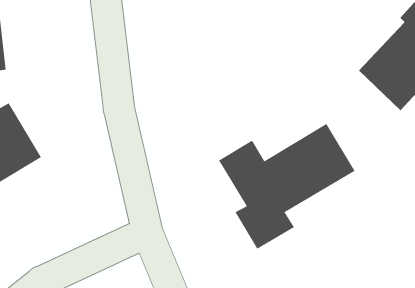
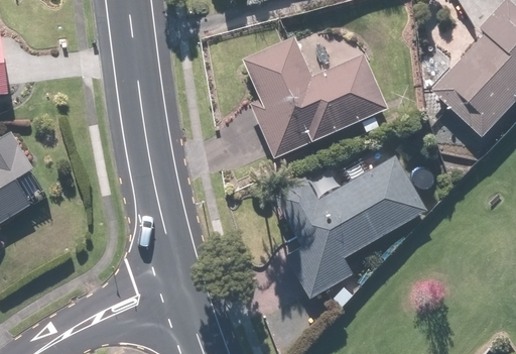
building: none -> [238,34,389,162]

